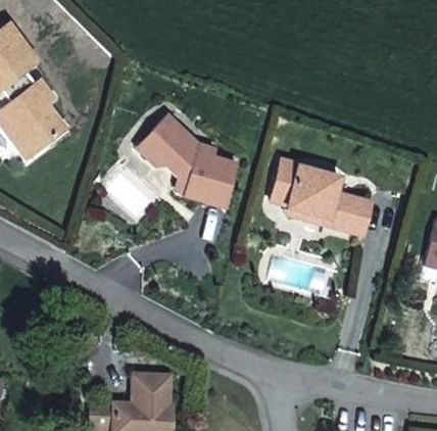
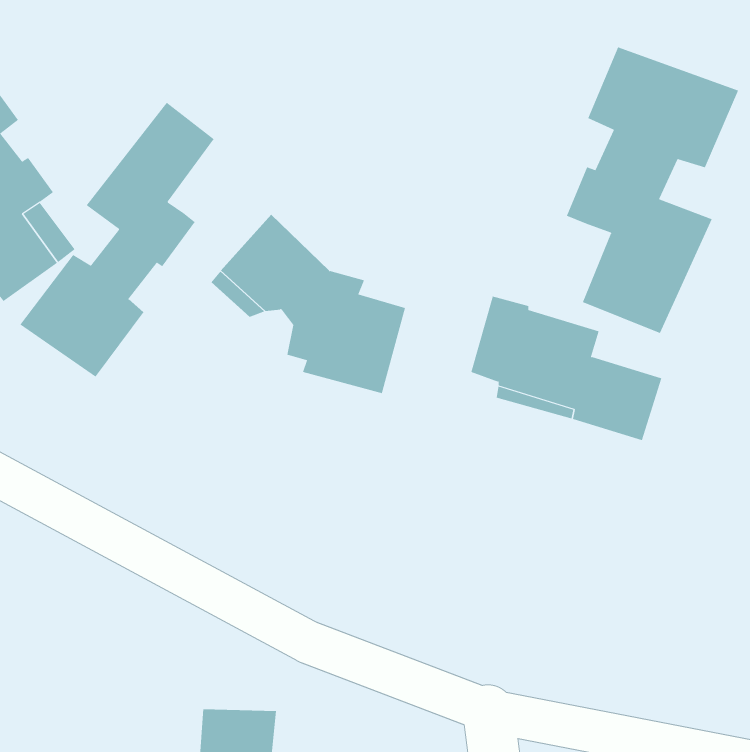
building: none -> [566,47,739,334]
building: none -> [20,102,215,378]

